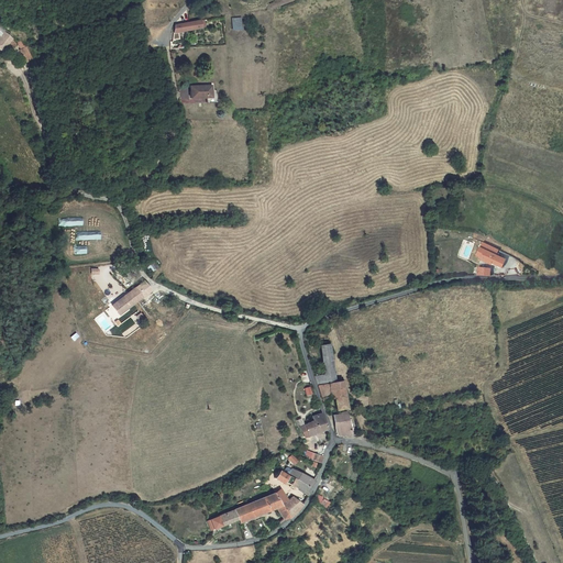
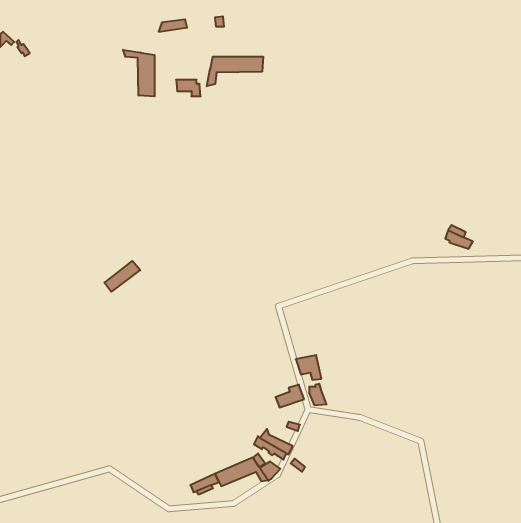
building: none -> [123,50,155,96]
building: none -> [207,57,263,86]
building: [317,345,342,386] -> none

